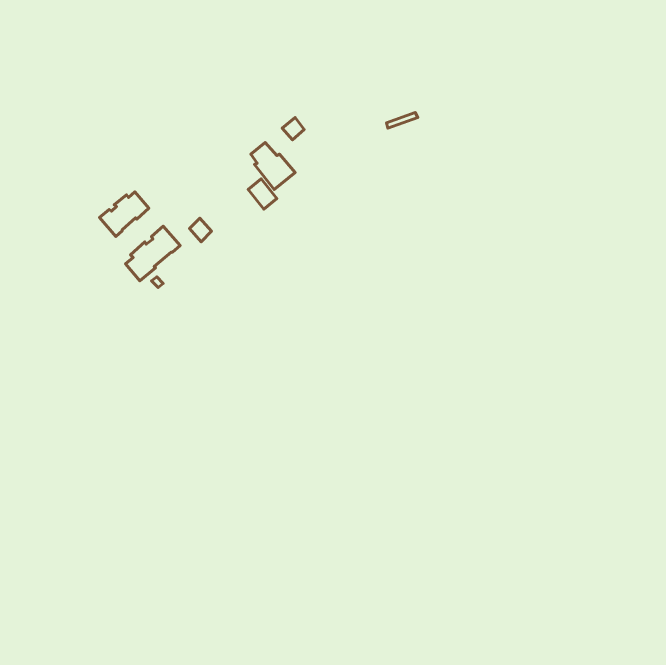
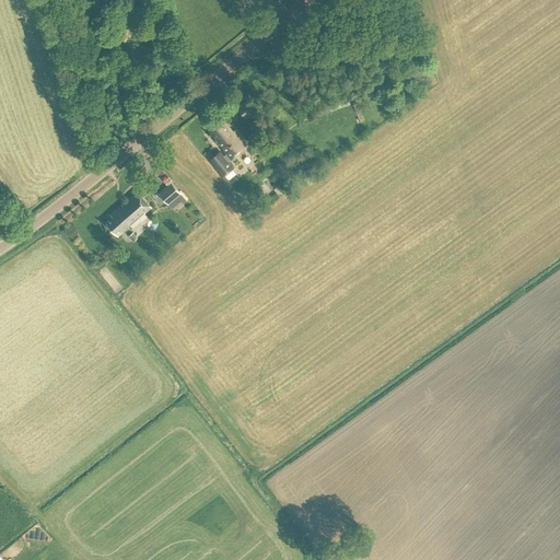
building: [99,192,149,237] -> none

